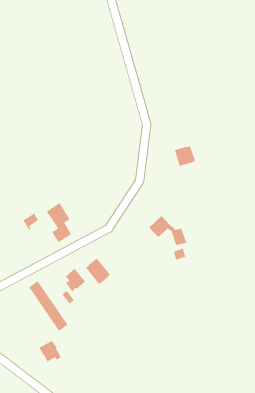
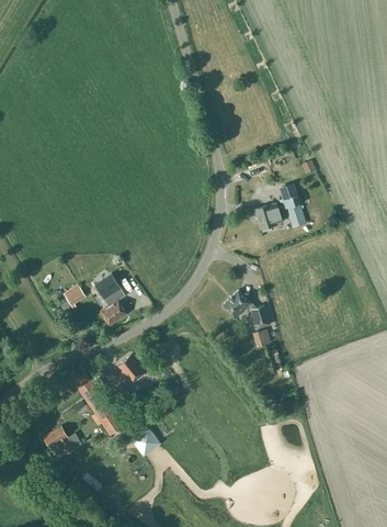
building: none -> [280,194,306,226]
building: [85,257,111,285] -> none
building: [38,340,62,363] -> [44,427,73,456]

